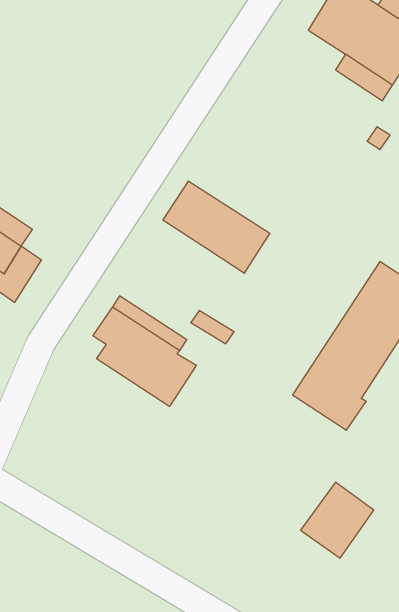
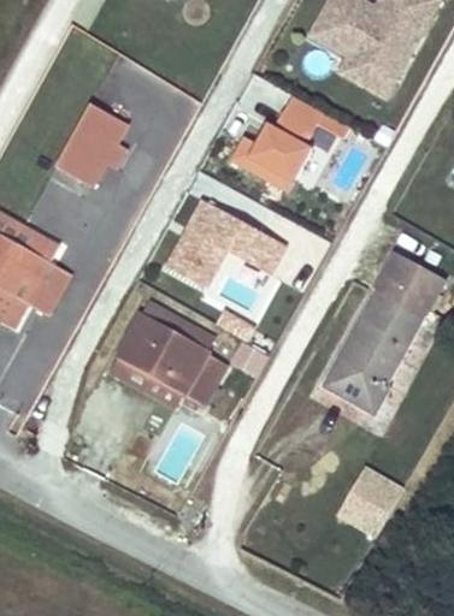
building: none -> [54,102,126,185]
building: none -> [229,97,350,195]
building: none -> [165,226,229,285]
building: none -> [108,342,183,408]

